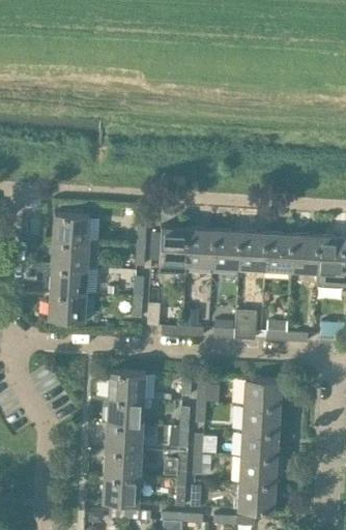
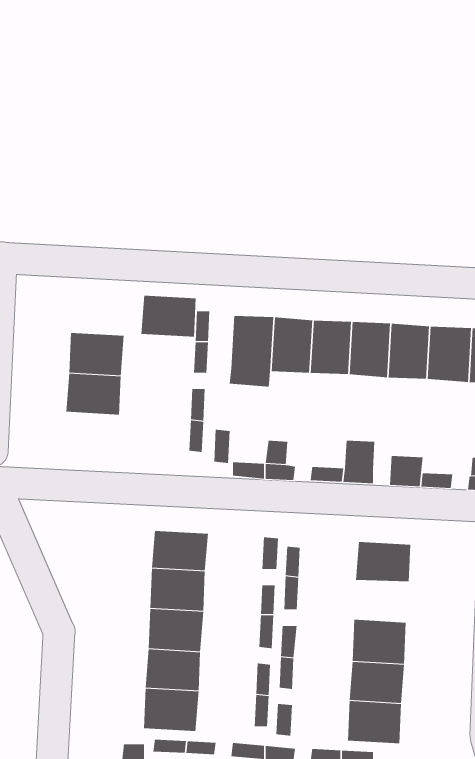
building: [54,214,91,242] -> [140,295,196,337]
building: [50,293,87,322] -> none
building: [242,405,280,433] -> none

